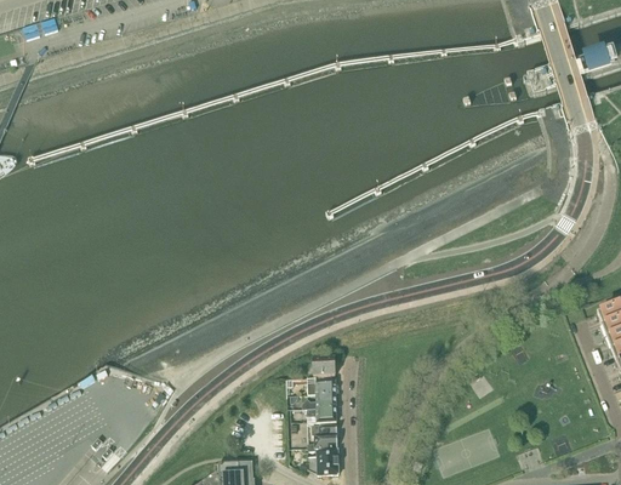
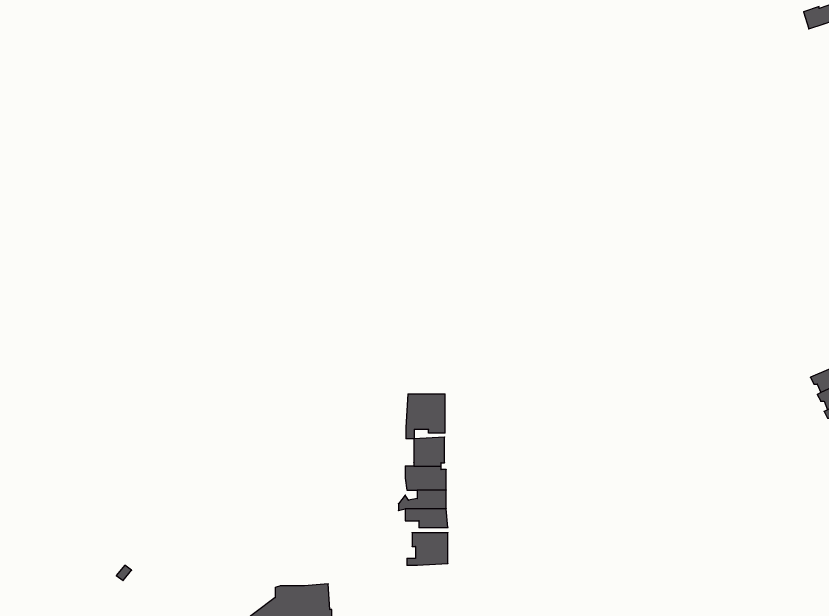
building: none -> [406,394,445,439]
building: [307,447,338,473] -> none

